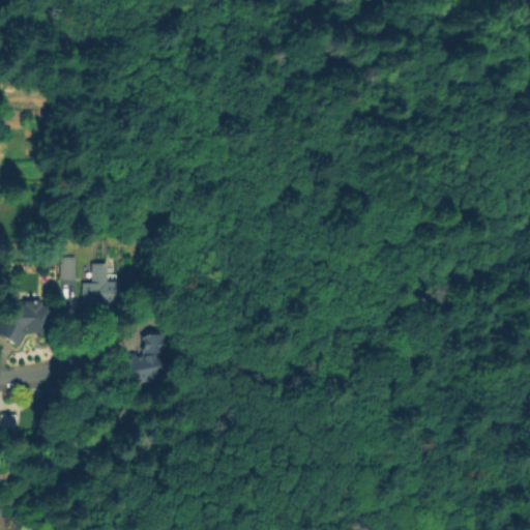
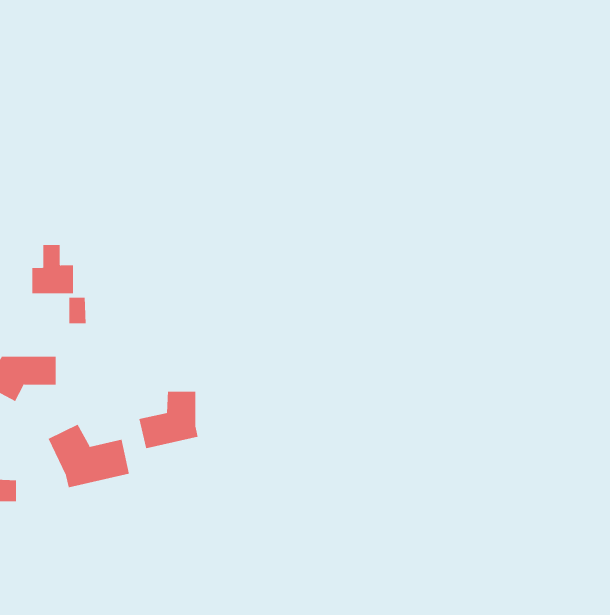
building: [81,262,117,304] -> [32,244,74,294]
building: none -> [48,424,130,488]

